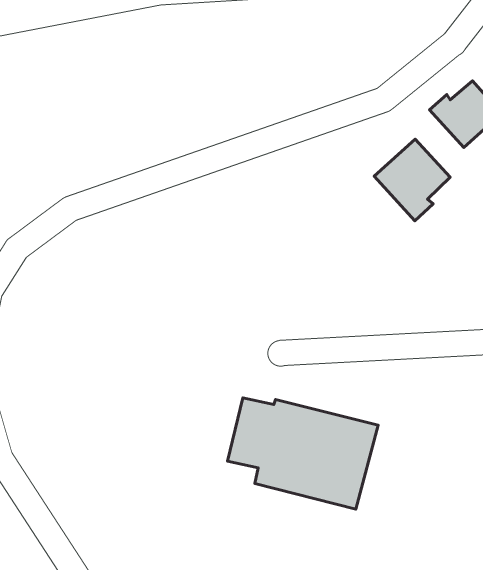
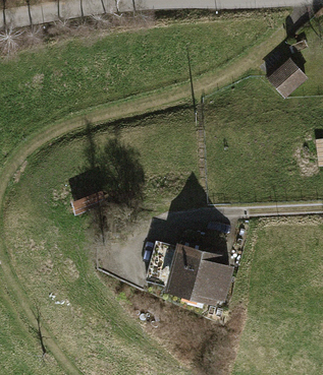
building: [374,139,450,221] -> none

